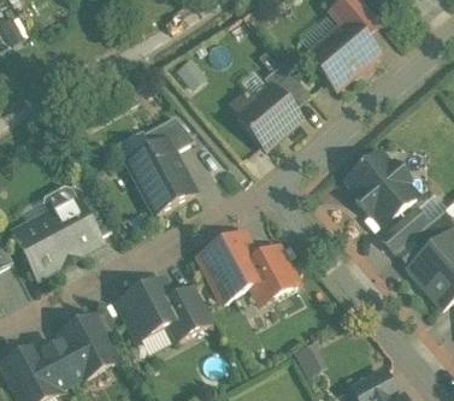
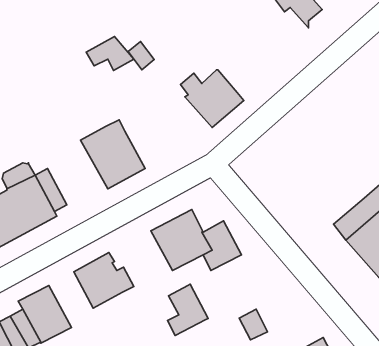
building: [307,19,377,87] -> none
building: [263,61,309,110] -> none
building: [143,114,194,151] -> [86,36,134,70]
building: [347,151,415,216] -> none
building: [379,205,426,249] -> none
building: [170,283,213,337] -> [167,284,208,335]

